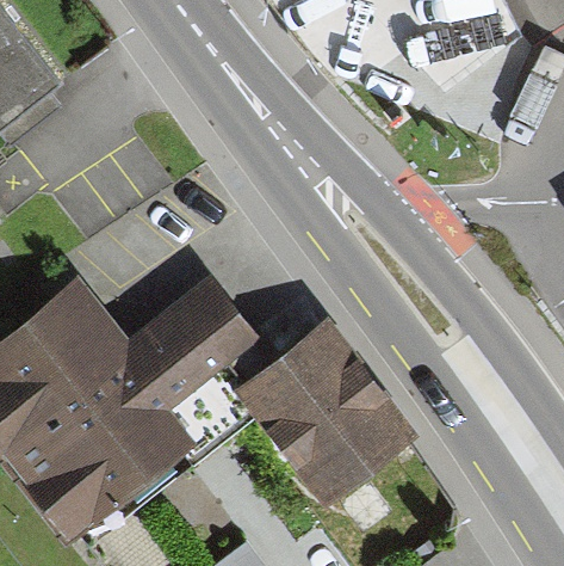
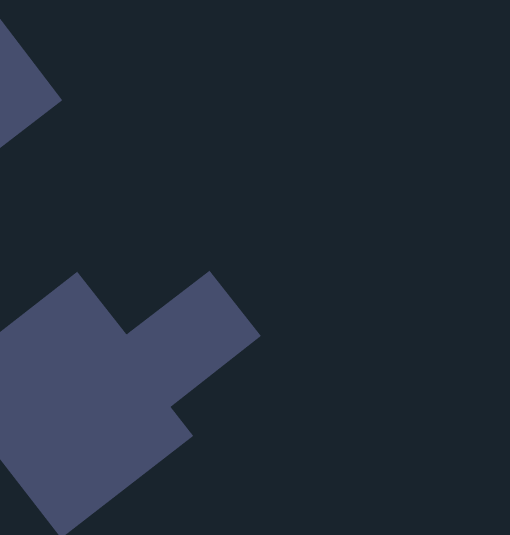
building: [235,325,410,505] -> none

